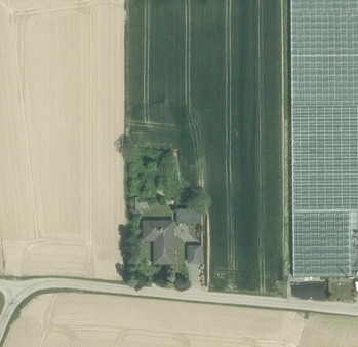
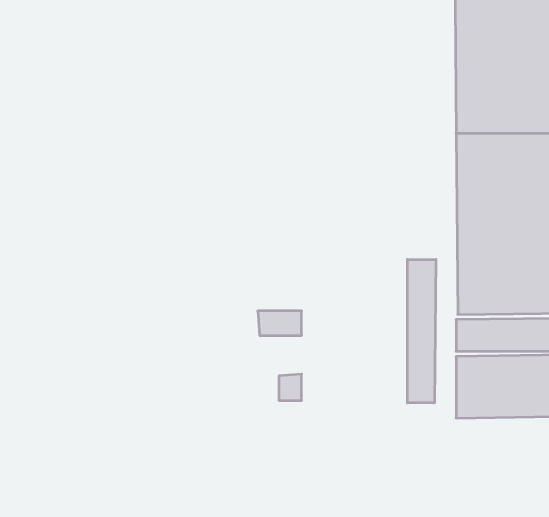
building: none -> [407,259,436,403]
building: [144,220,174,262] -> none

